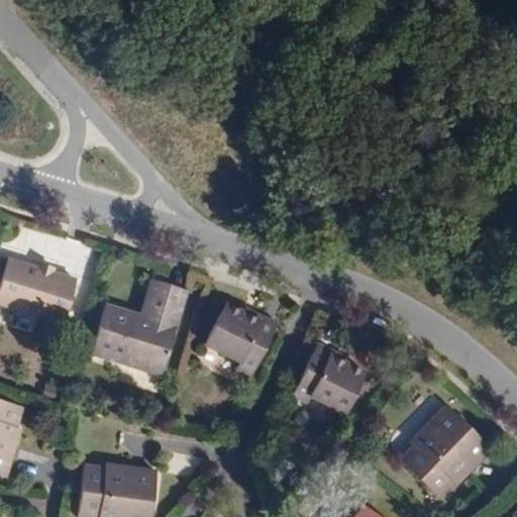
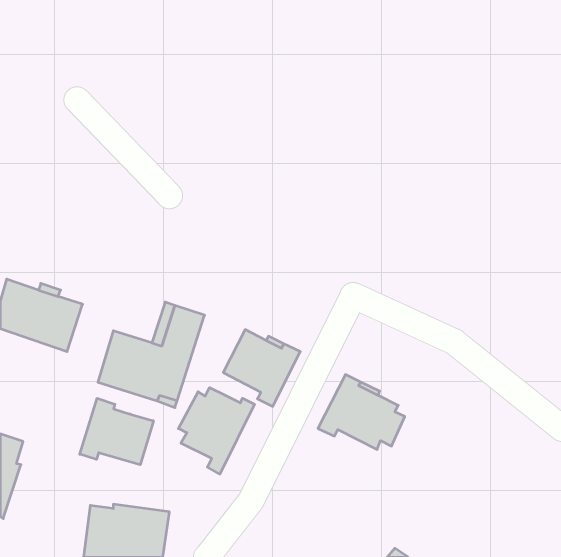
building: none -> [178,388,254,474]
building: none -> [80,398,153,465]
building: [401,403,491,494] -> none

